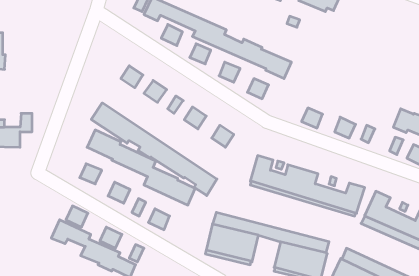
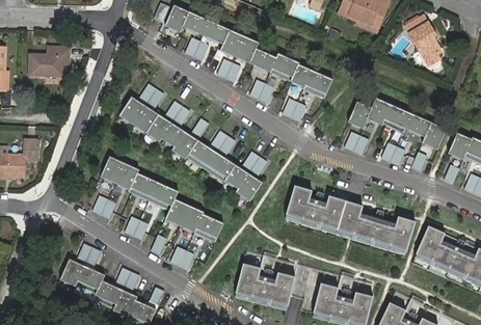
building: none -> [405,17,443,69]
building: none -> [29,46,69,75]
building: none -> [348,99,446,151]
building: [91,103,217,196] -> [119,97,262,201]

